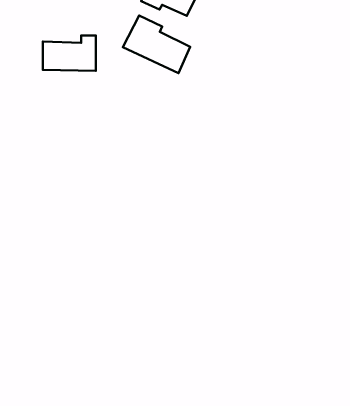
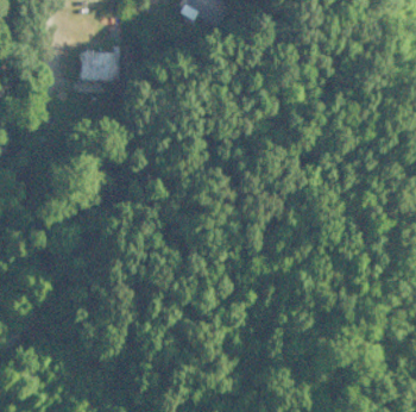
building: [123,15,190,73] -> none

